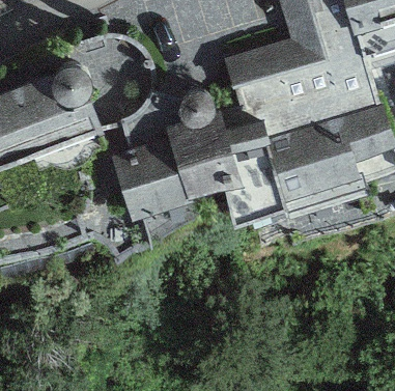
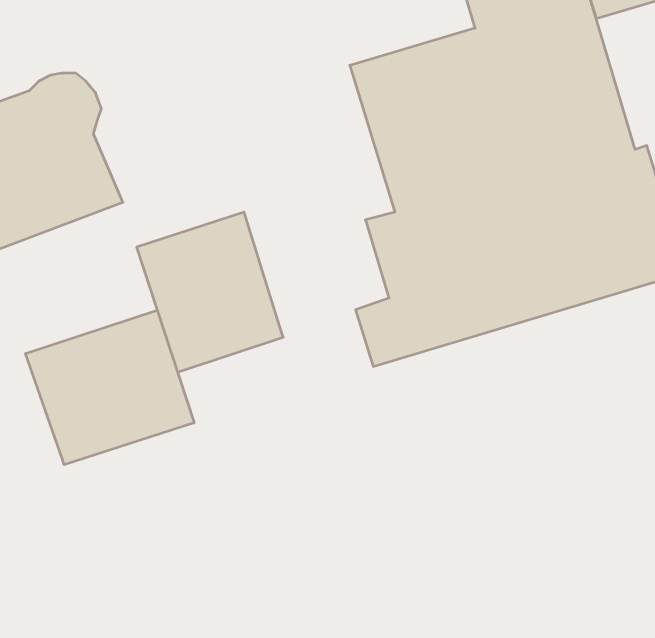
building: [165,89,245,199] -> none
building: none -> [26,310,194,465]

